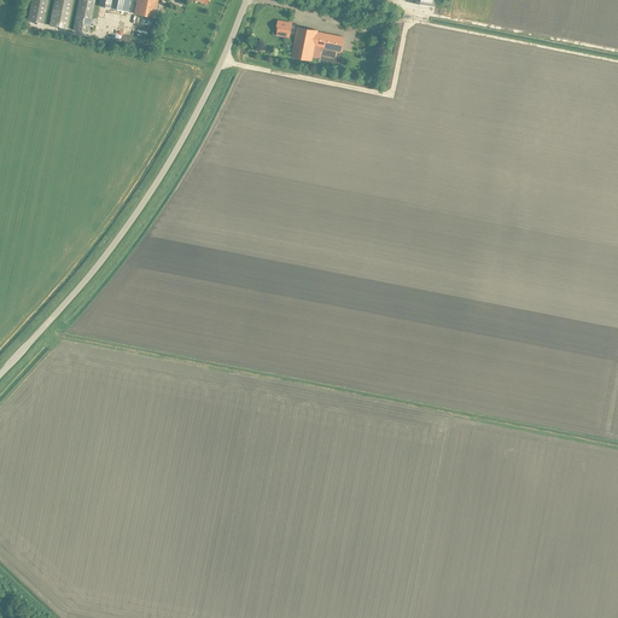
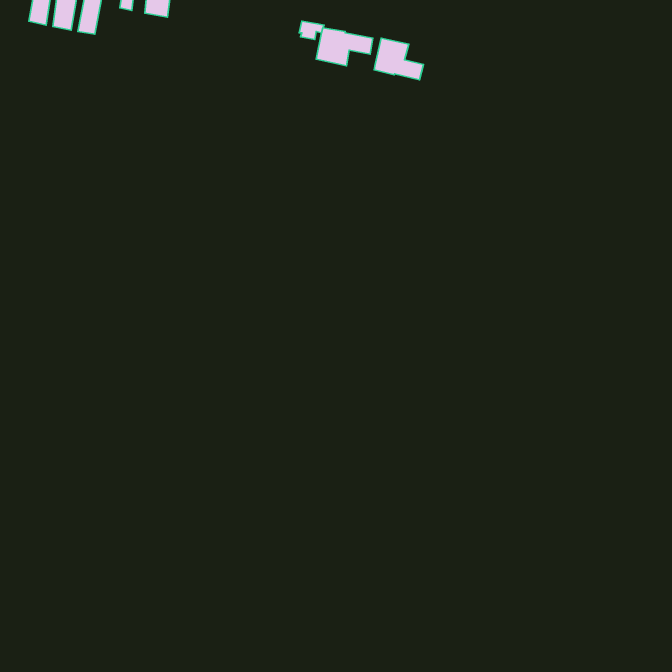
building: none -> [374,38,423,80]

